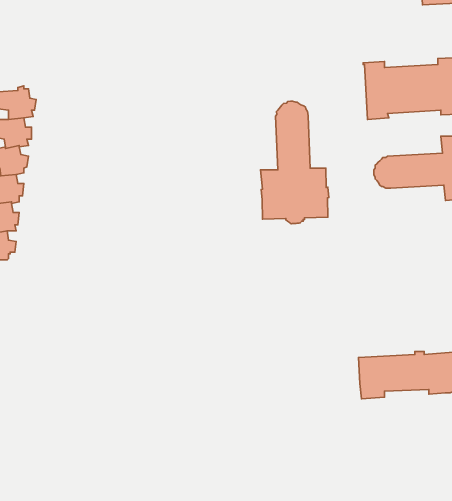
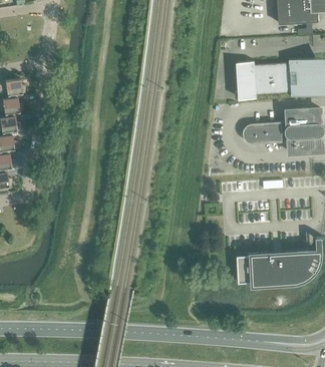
building: [261,101,329,224] -> none

